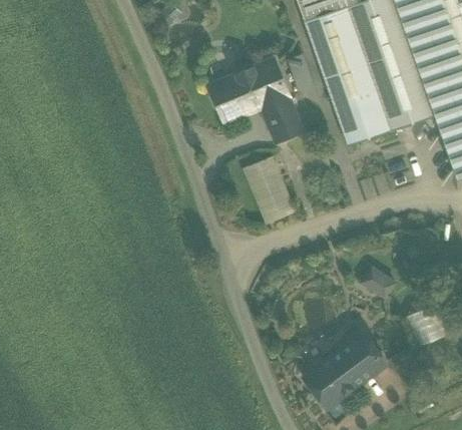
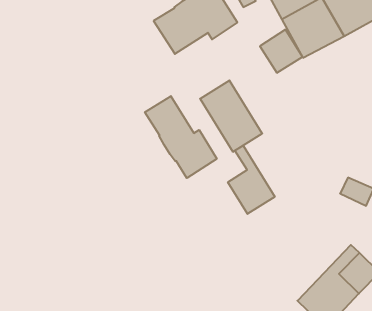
building: [264,100,303,140] -> [260,30,302,73]
building: none -> [145,96,217,178]
building: none -> [228,146,275,214]

